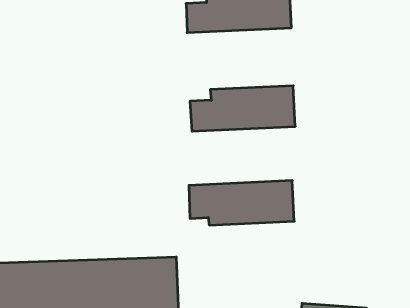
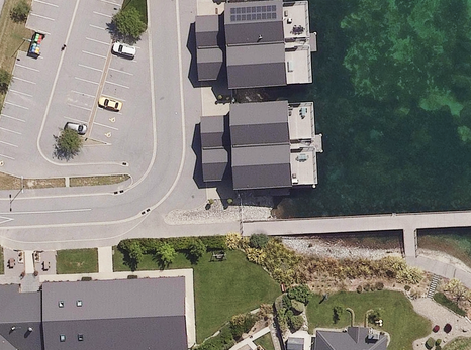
building: none -> [197,40,308,88]
building: [189,181,294,225] -> [202,143,312,190]

